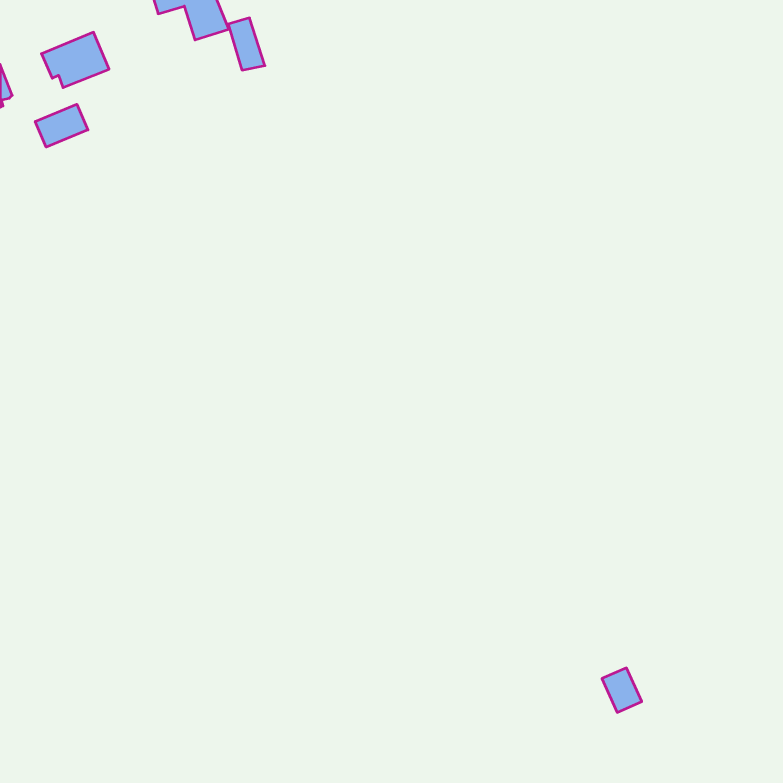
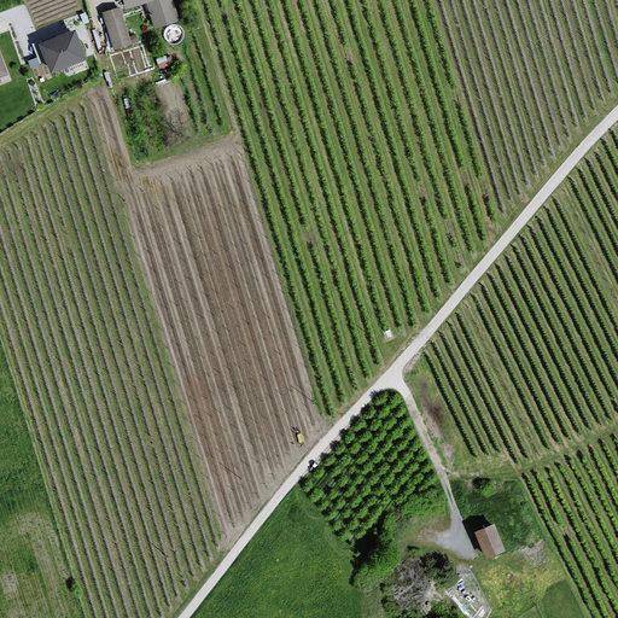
building: [228,18,265,70] -> [103,10,132,51]
building: [35,104,88,147] -> none

